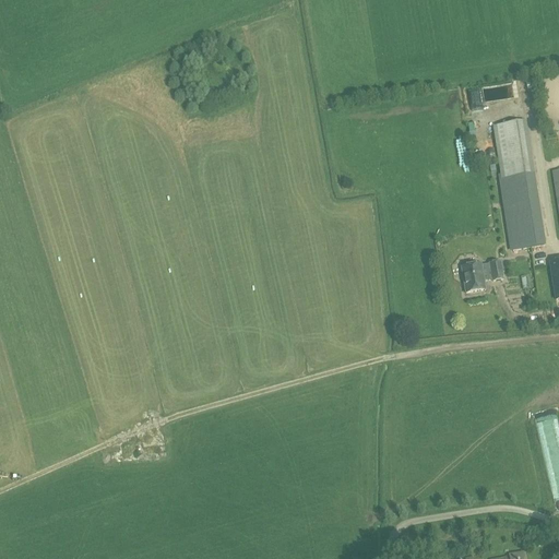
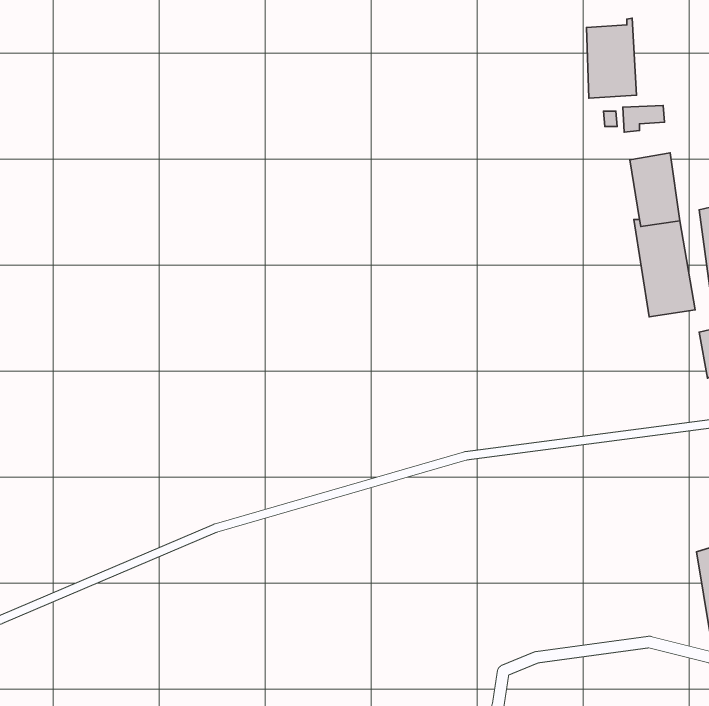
building: none -> [586,18,637,98]
building: [463,260,504,290] -> none

